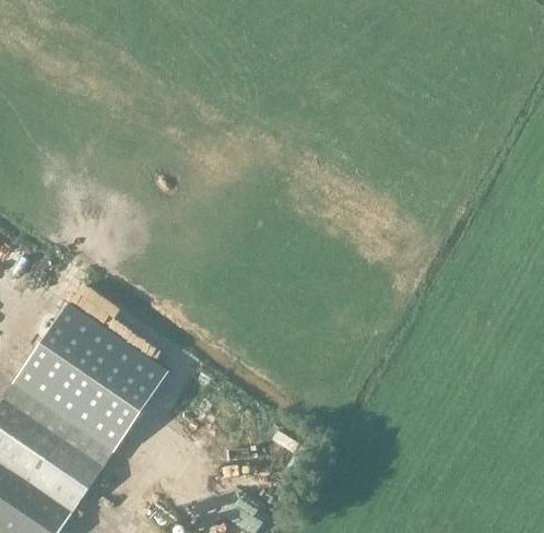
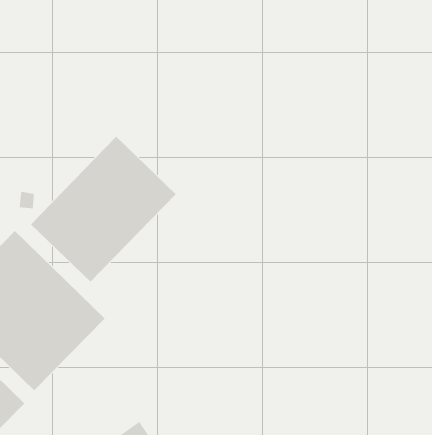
building: none -> [30,136,176,283]

